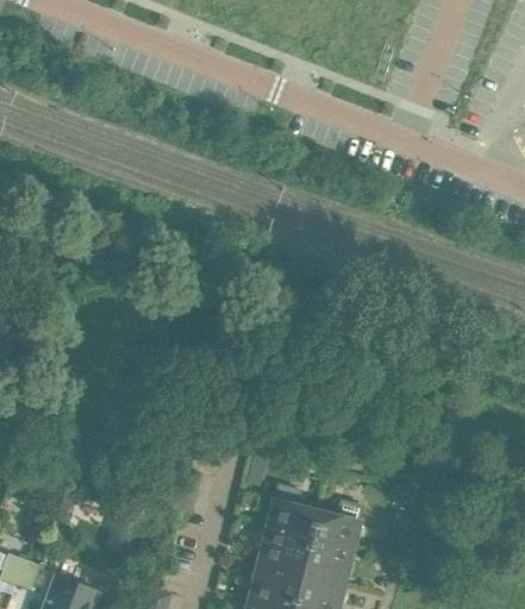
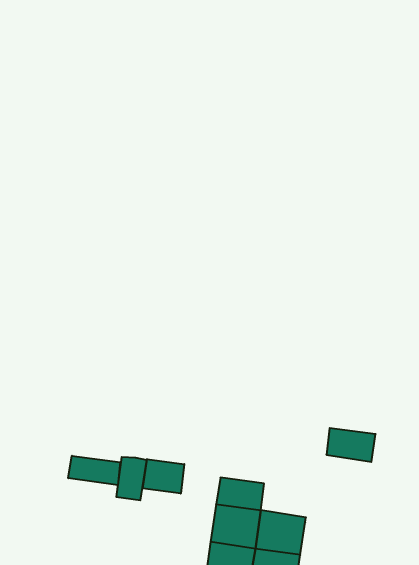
building: none -> [68,456,120,485]
building: none -> [143,459,184,494]
building: [311,510,362,548] -> [326,428,376,462]

